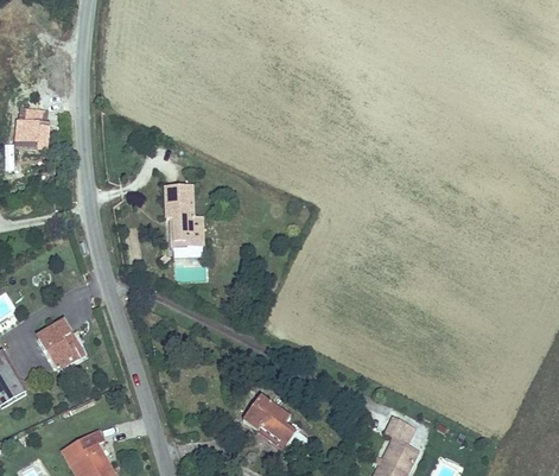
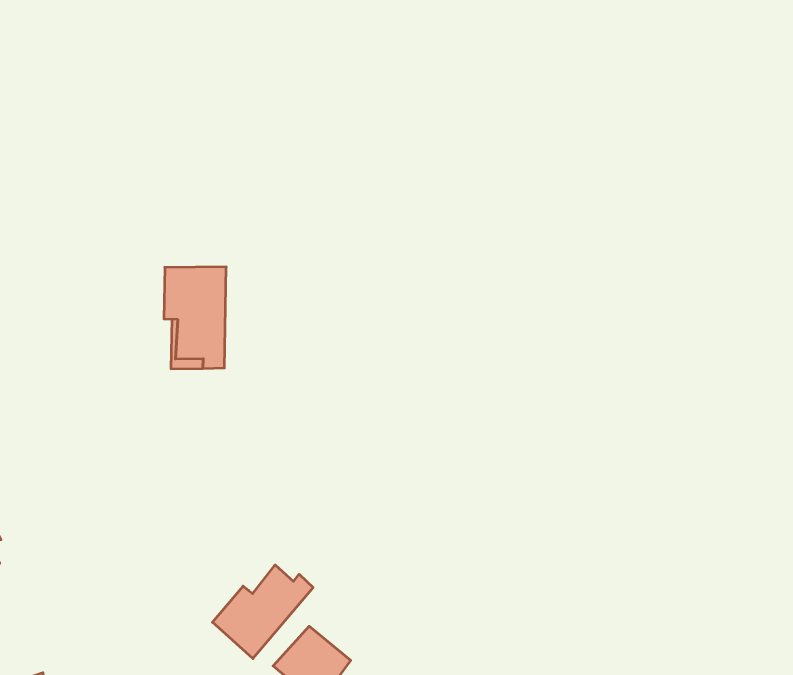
building: none -> [212,565,313,659]

